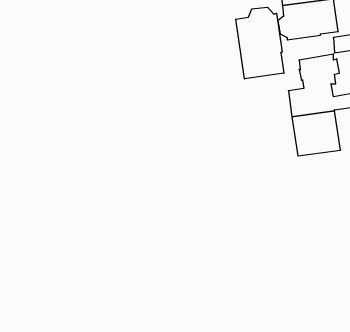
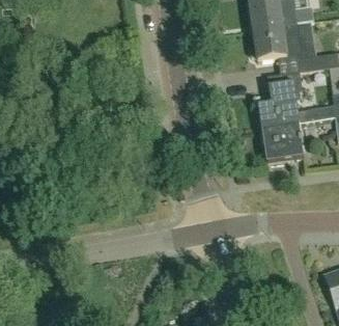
building: [236,7,284,79] -> none

